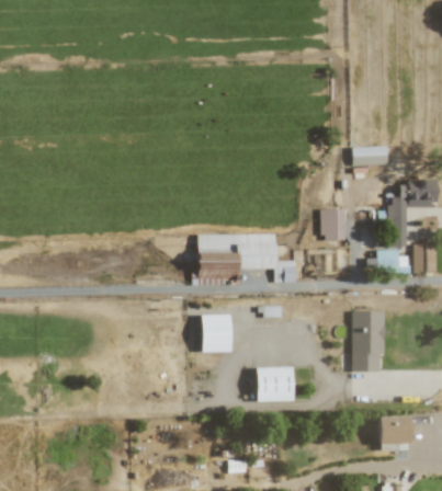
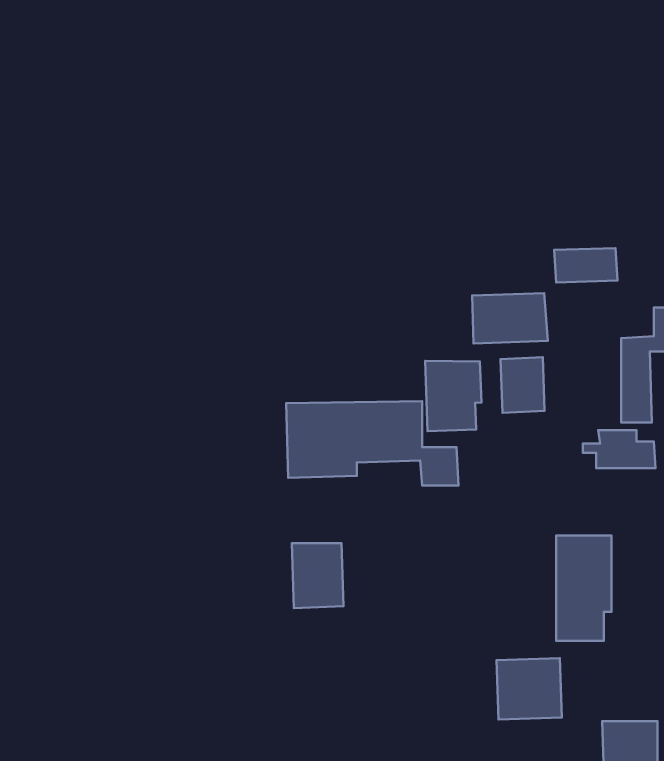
building: none -> [472,293,548,344]
building: none -> [425,361,481,431]
building: [257,366,294,401] -> [497,658,562,720]

